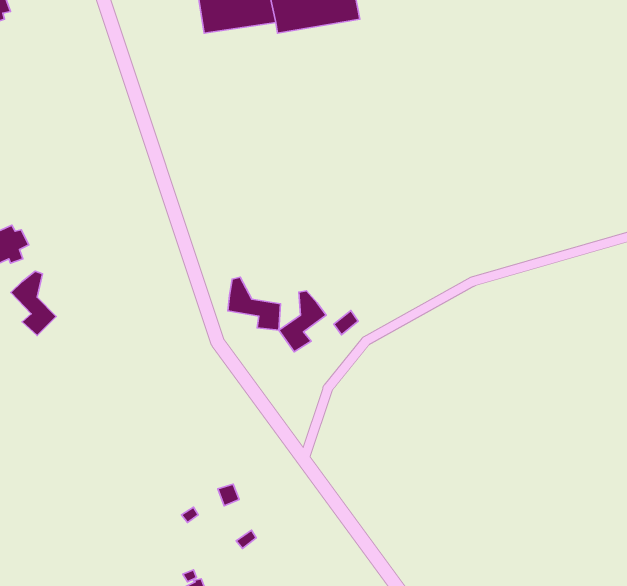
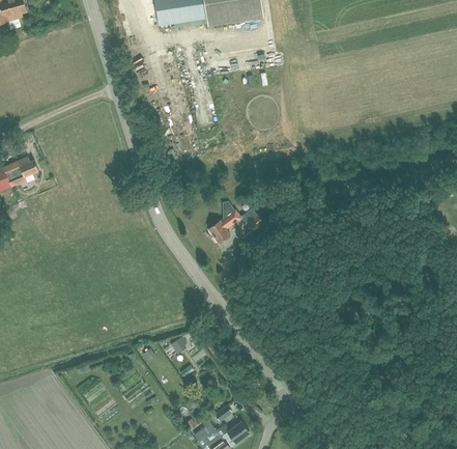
building: [11,271,56,336] -> none
building: [228,277,281,330] -> none

